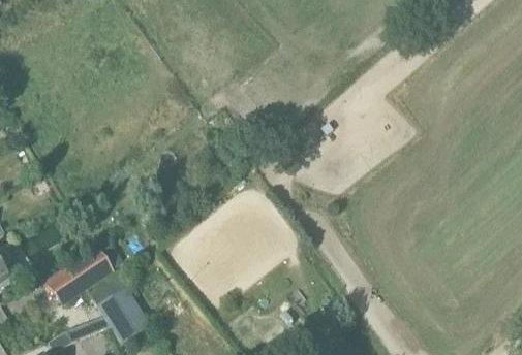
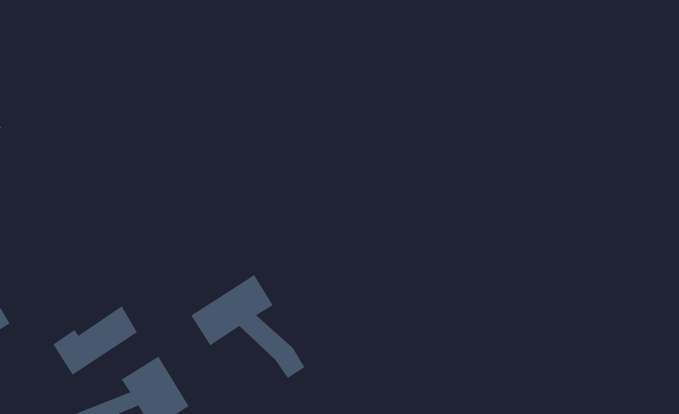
building: none -> [191,274,305,379]

